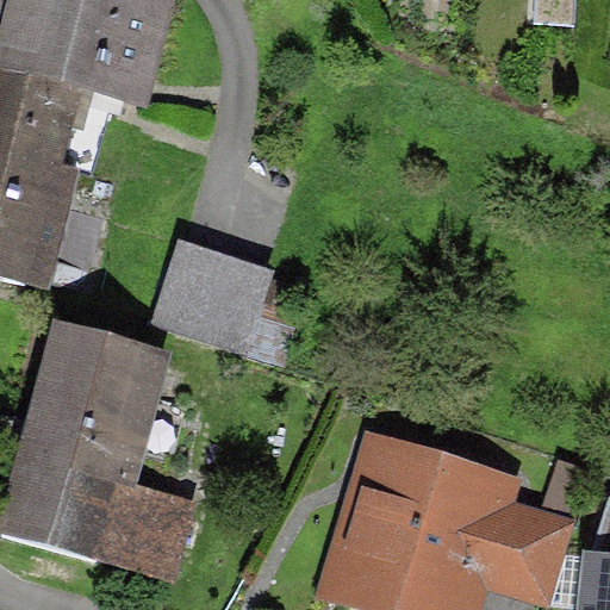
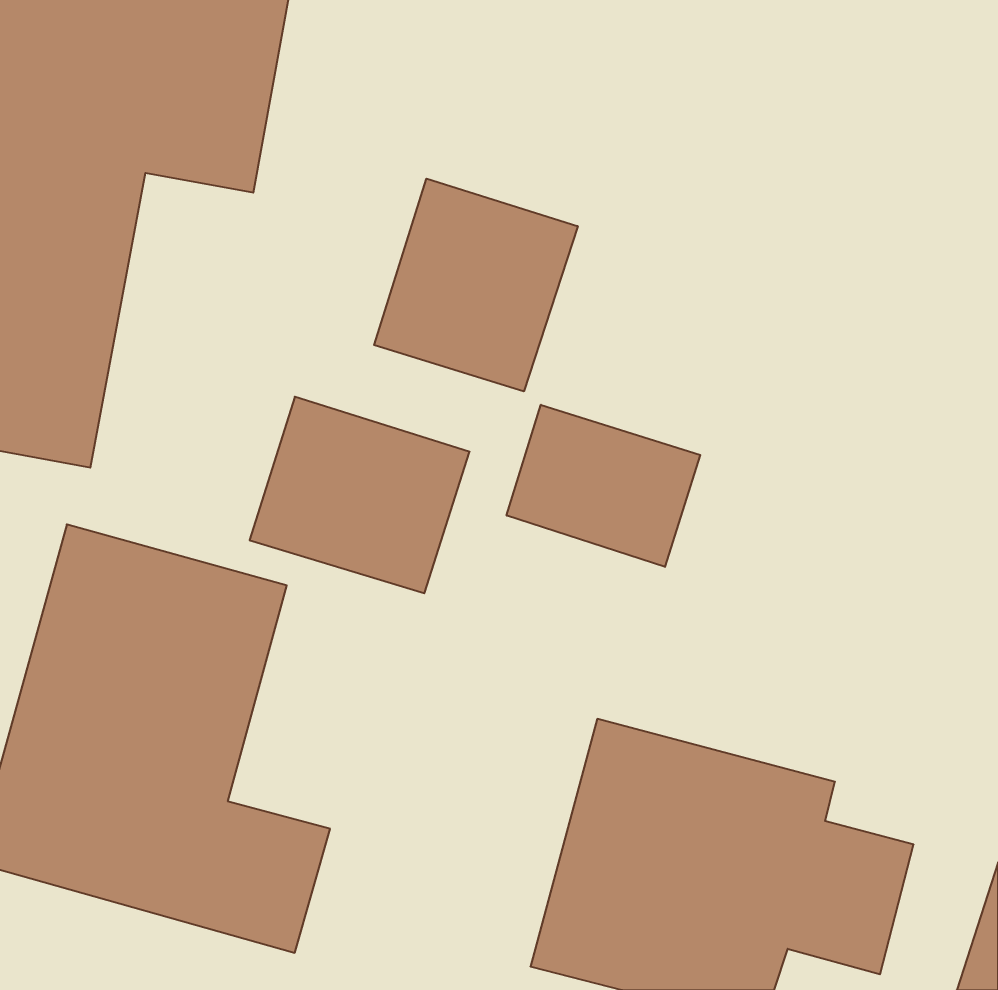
building: none -> [374,179,578,391]
building: none -> [507,405,700,567]

